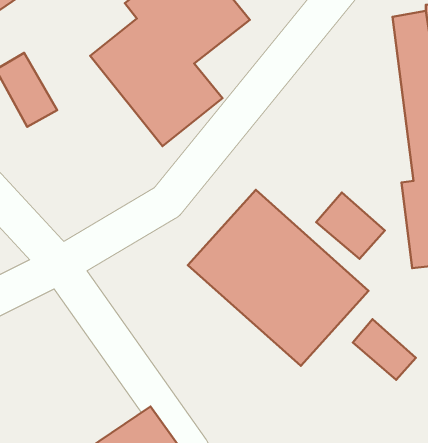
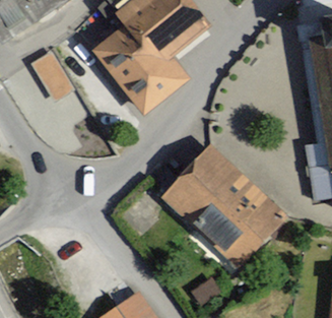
building: [316,192,385,259] -> none
building: [353,319,416,380] -> none

